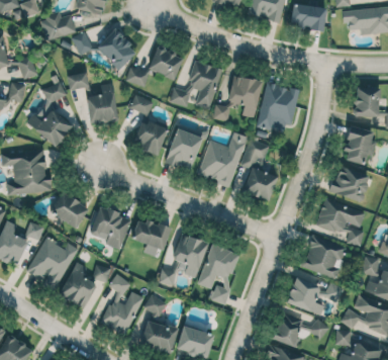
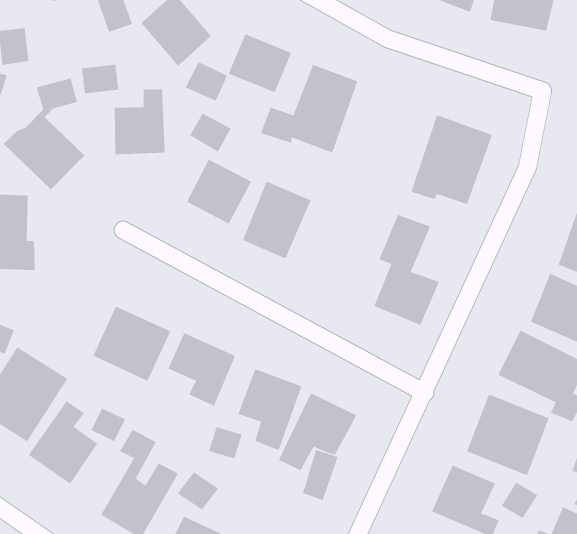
building: [213,75,262,120] -> none
building: [198,131,247,186] -> none
building: [50,191,89,229] -> none

